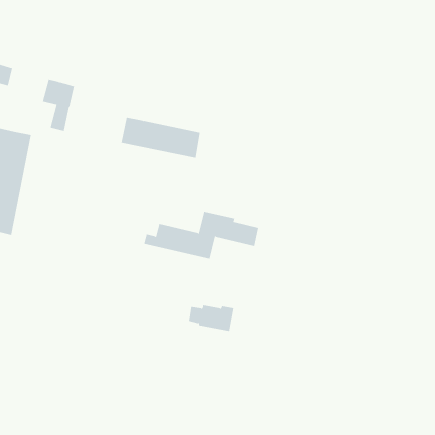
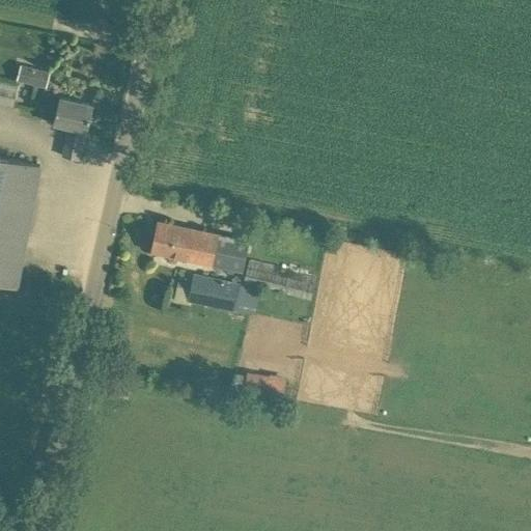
building: none -> [15,64,49,89]
building: [121,117,200,158] -> [150,222,247,272]

